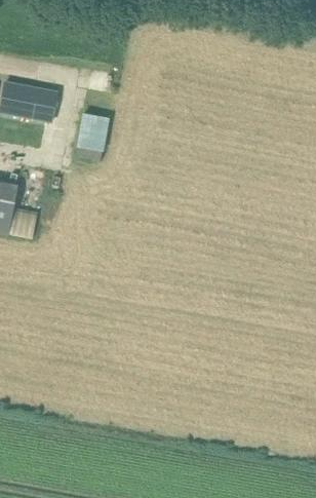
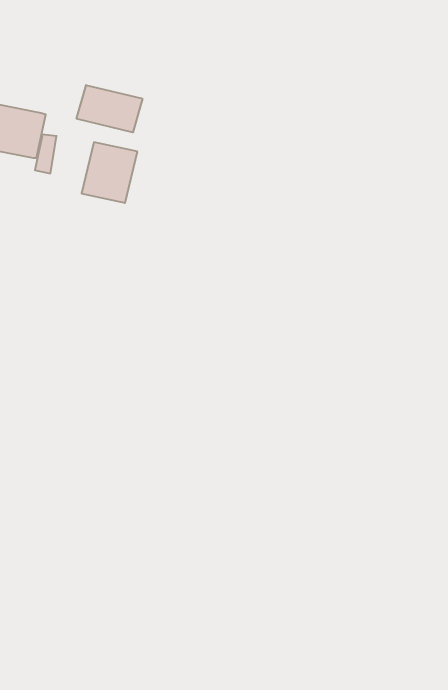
building: none -> [77,85,142,132]

